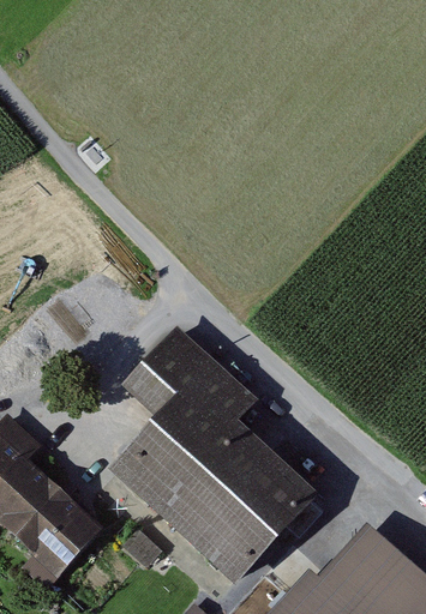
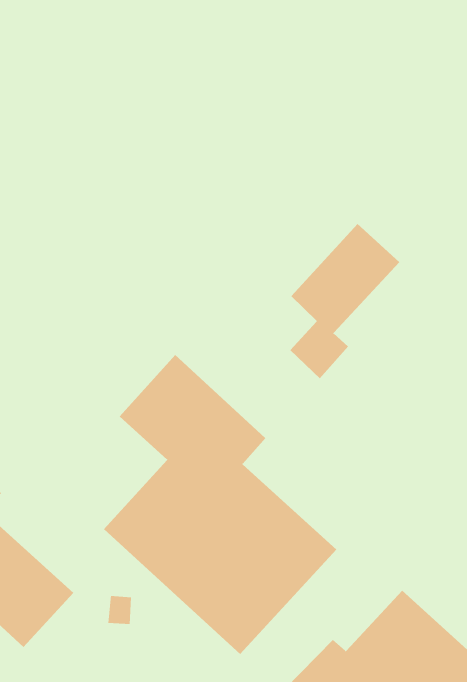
building: none -> [289,223,400,379]

